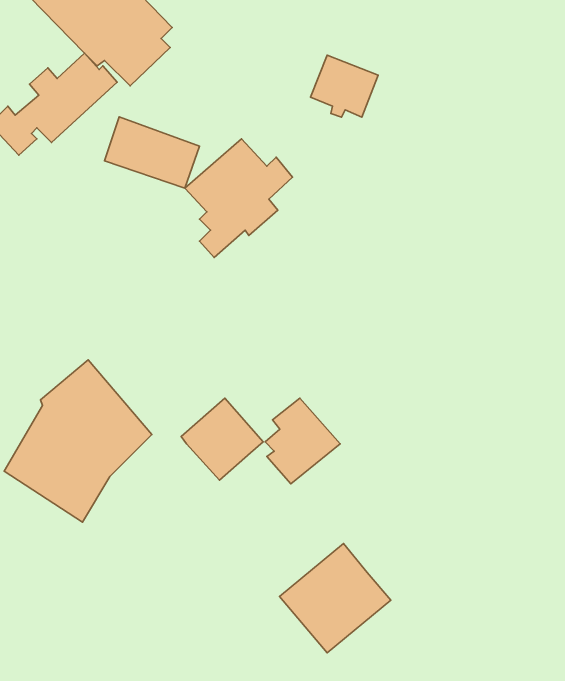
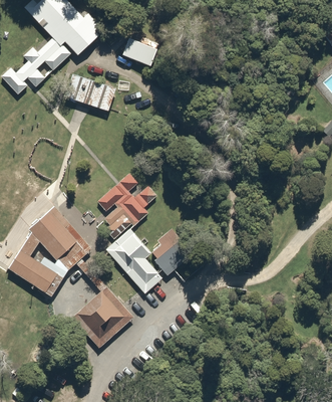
building: [311,55,378,117] -> [121,32,158,66]
building: [185,139,293,258] -> [97,175,156,240]
building: none -> [126,258,161,293]
building: [280,543,391,653] -> [71,287,132,348]

